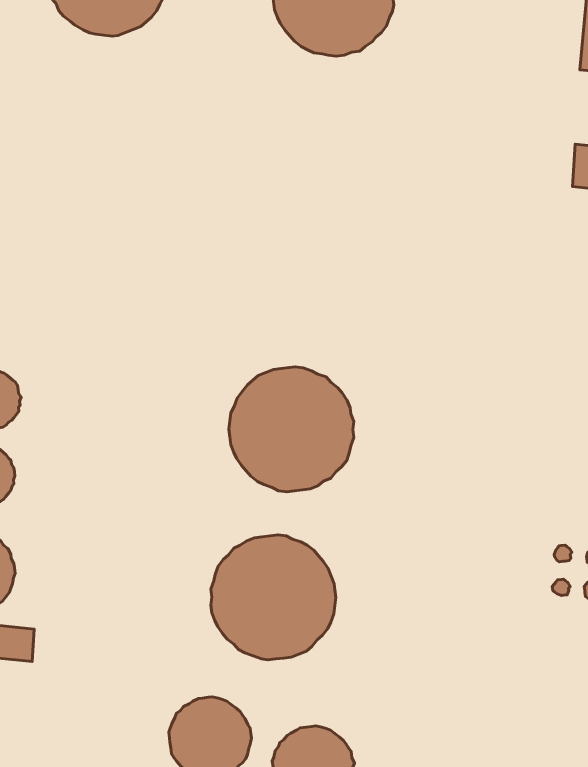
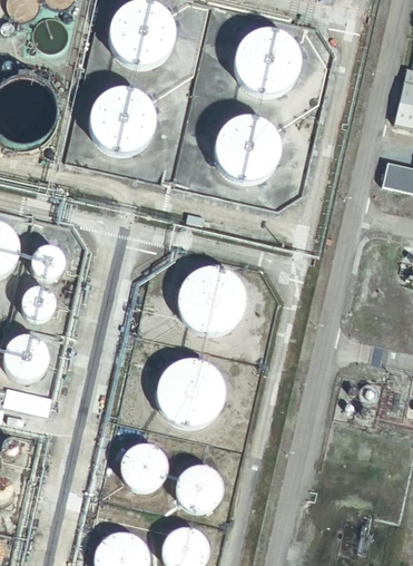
building: none -> [87,88,155,155]
building: none -> [213,116,279,184]

